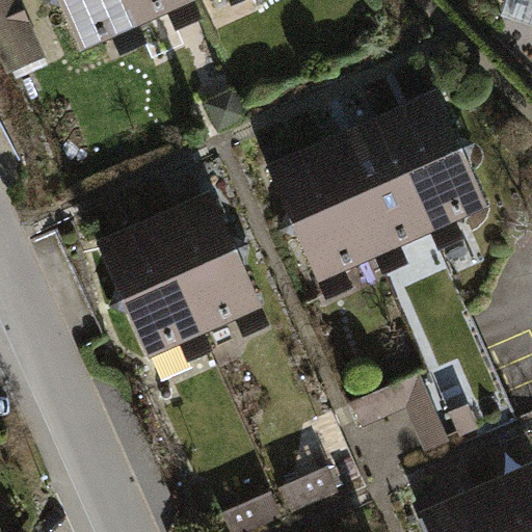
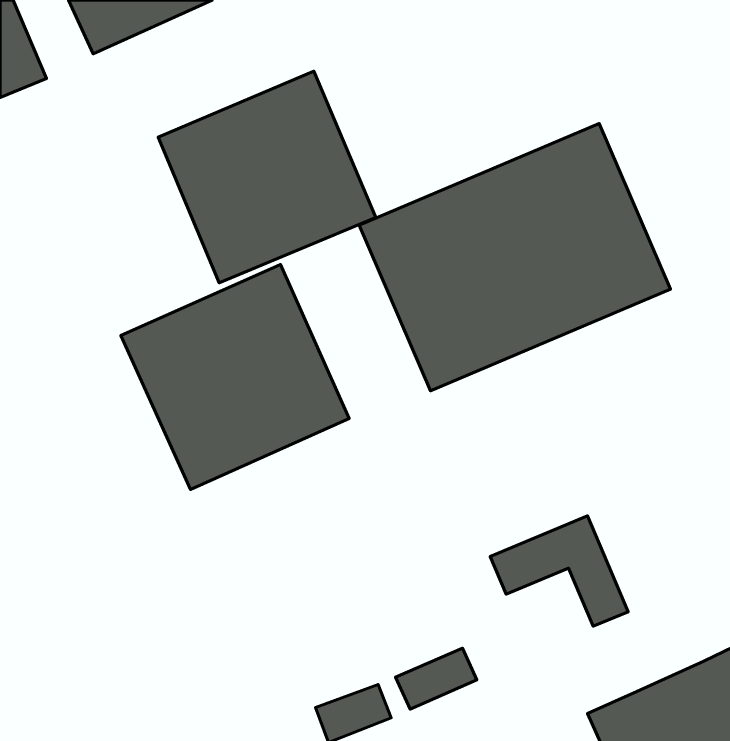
building: none -> [158,71,376,283]

